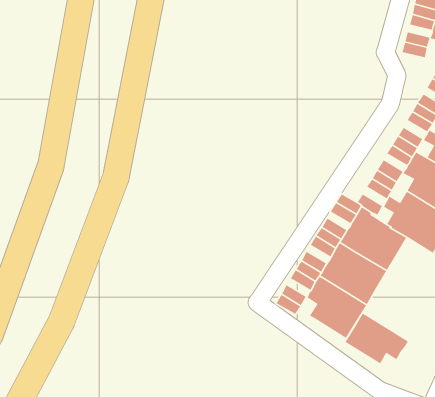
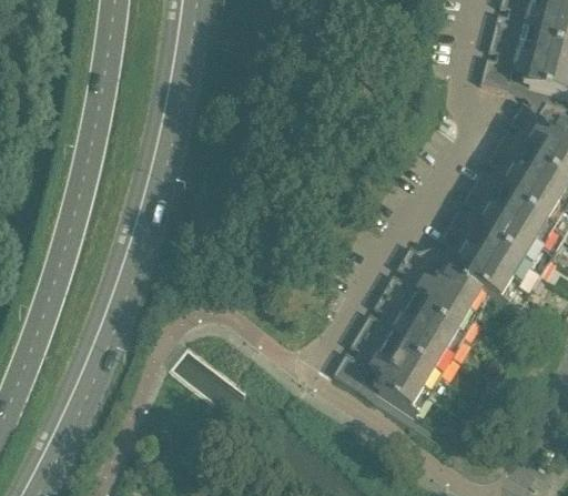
building: [344,313,409,364] -> none

